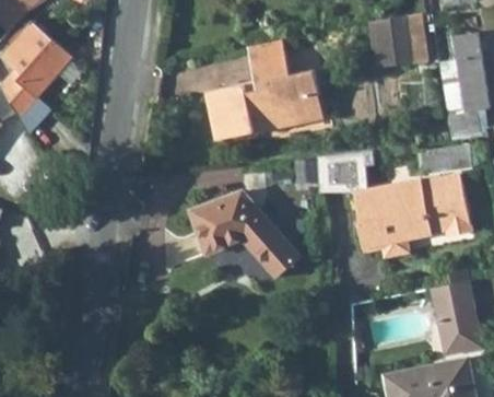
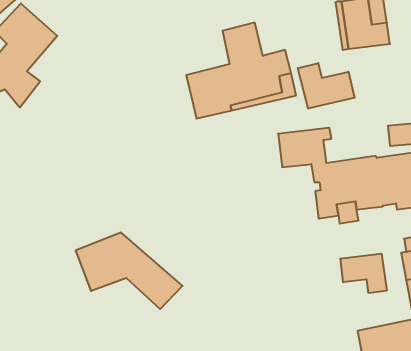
building: none -> [298,63,354,109]
building: [176,194,292,277] -> [76,232,183,309]
building: none -> [341,254,387,293]

